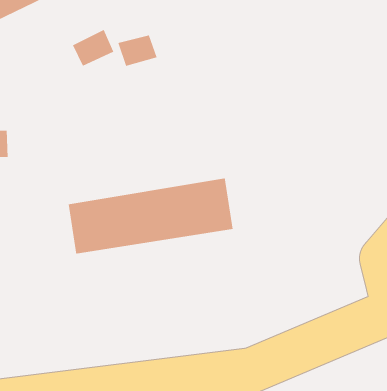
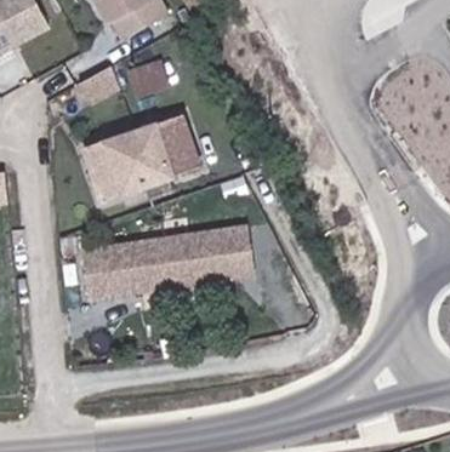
building: none -> [82,115,198,199]

